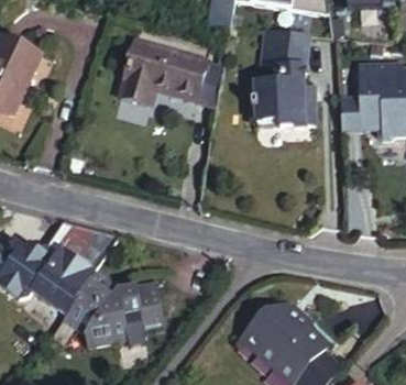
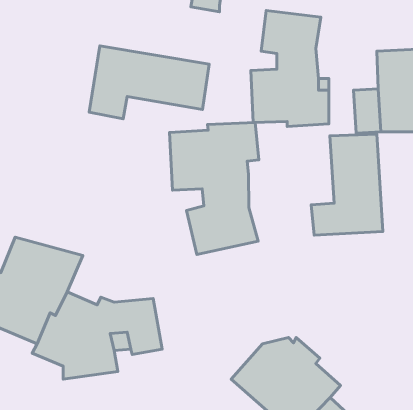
building: [125,29,221,75] -> none
building: none -> [170,123,259,255]
building: none -> [311,134,383,235]

